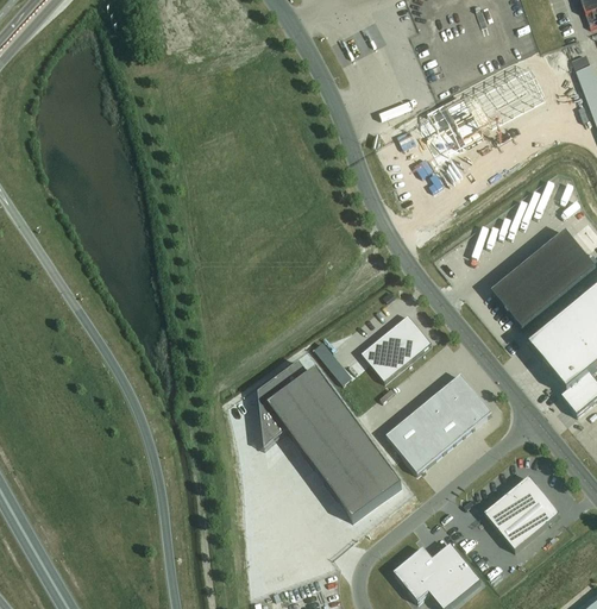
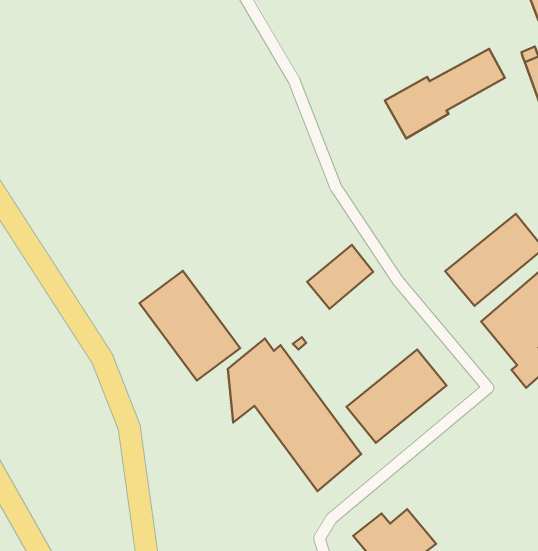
building: none -> [140,271,240,380]
building: [362,312,432,379] -> [307,245,373,309]
building: [485,475,560,548] -> none

